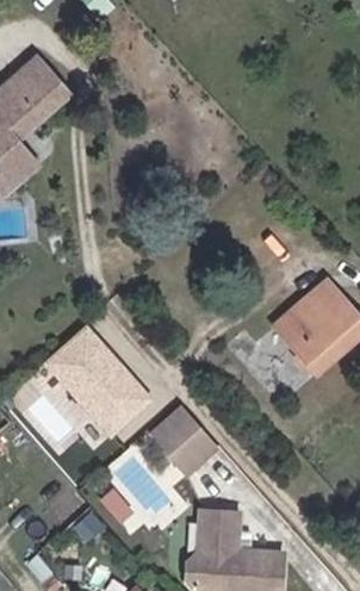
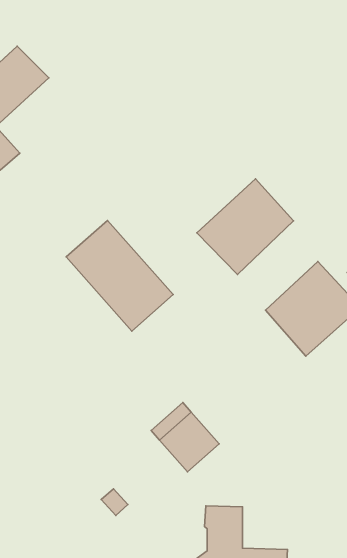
building: none -> [197,179,294,274]
building: [52,332,157,441] -> [66,220,173,331]

